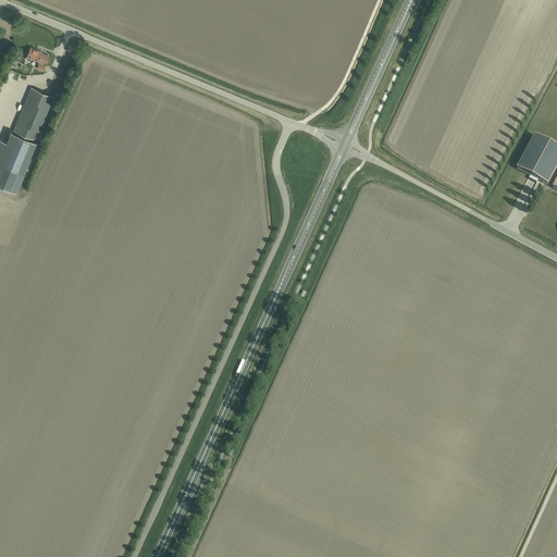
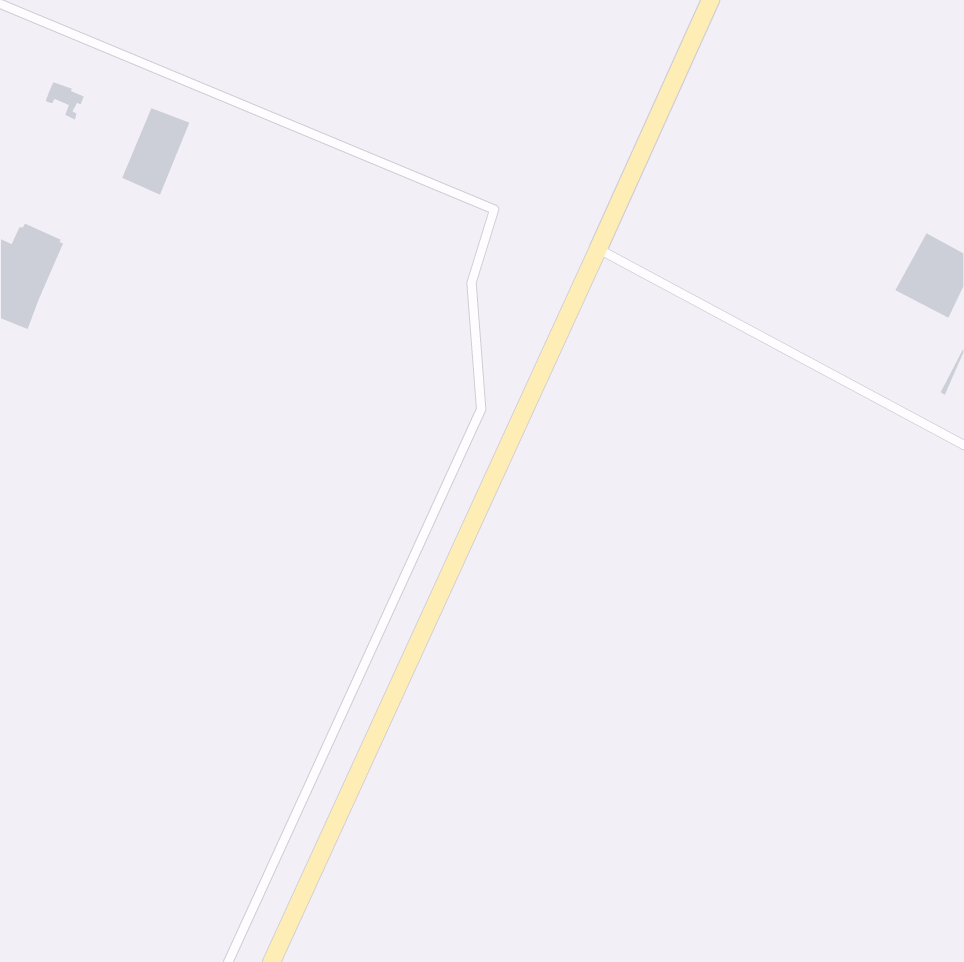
building: [13,87,53,138] -> [121,107,191,196]

